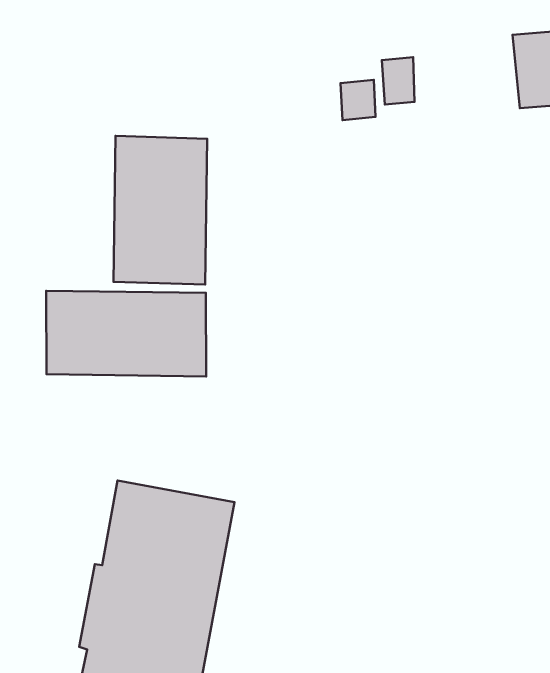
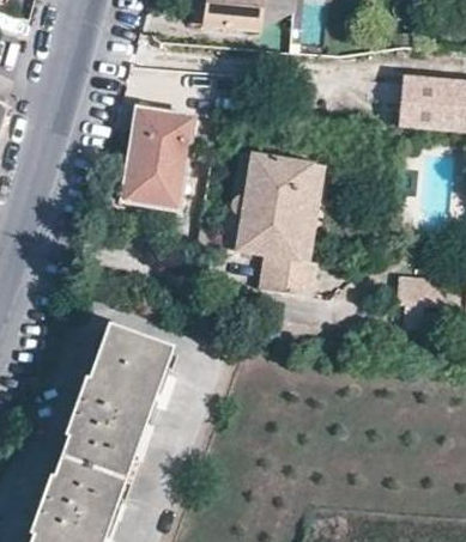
building: none -> [224,151,327,296]
building: [46,291,206,377] -> none

